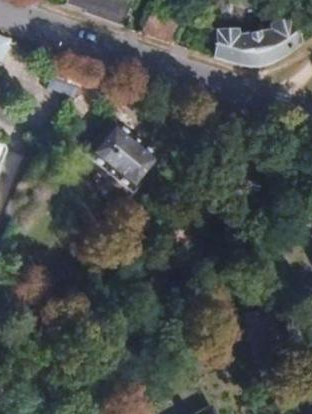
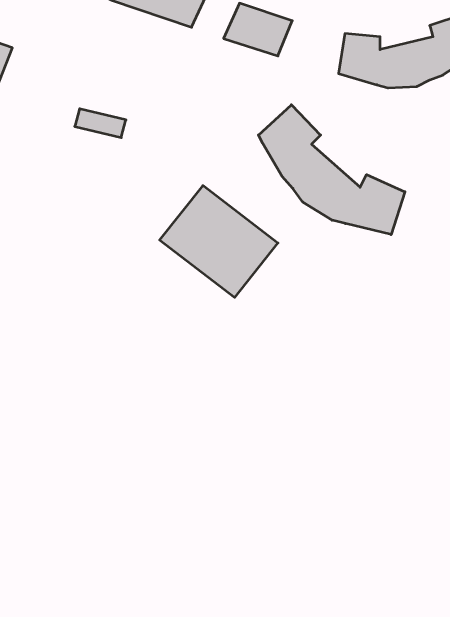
building: none -> [258,105,405,235]

